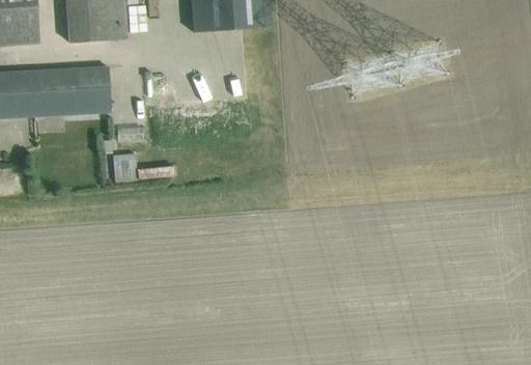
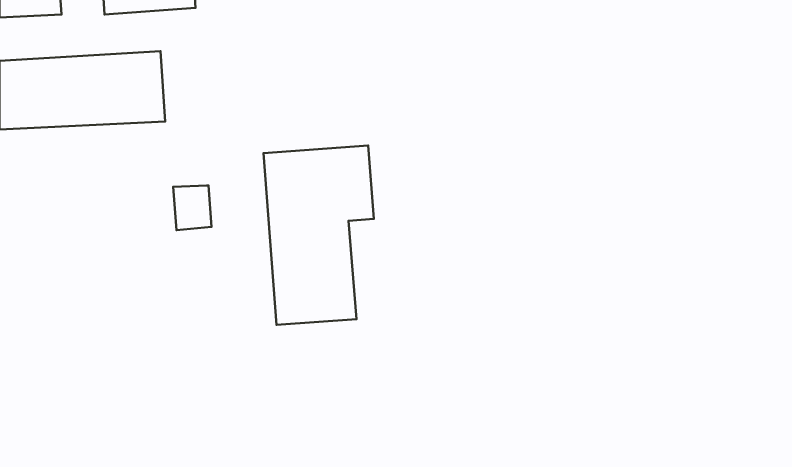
building: none -> [263,146,374,325]

